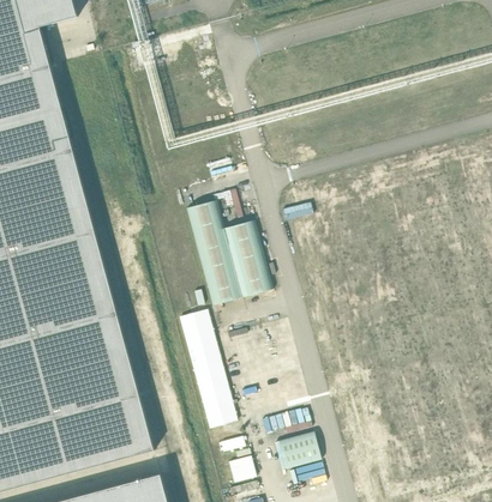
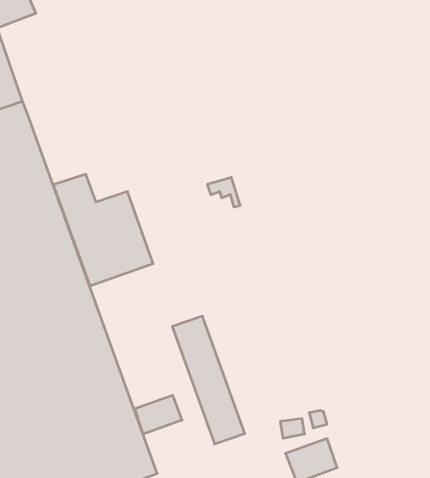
building: [185,201,271,304] -> [53,174,153,286]
building: none -> [135,395,182,434]

